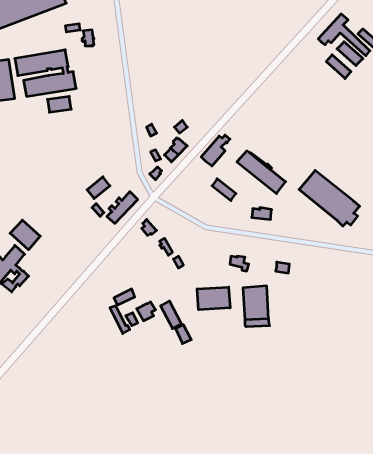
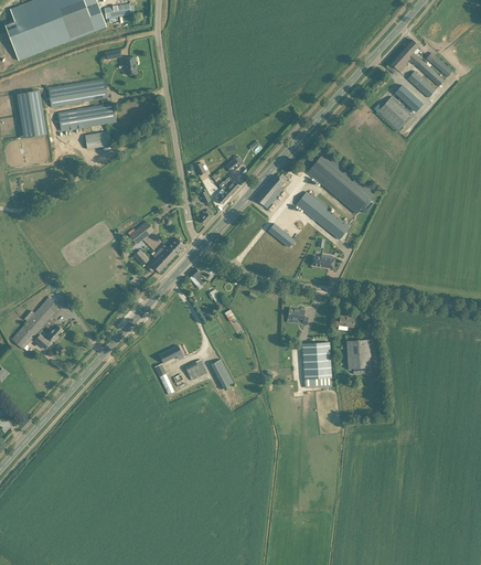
building: none -> [376,95,411,129]
building: [299,170,360,226] -> [307,151,374,213]
building: [10,220,40,250] -> none
building: none -> [345,339,370,373]
building: [197,287,230,310] -> none

